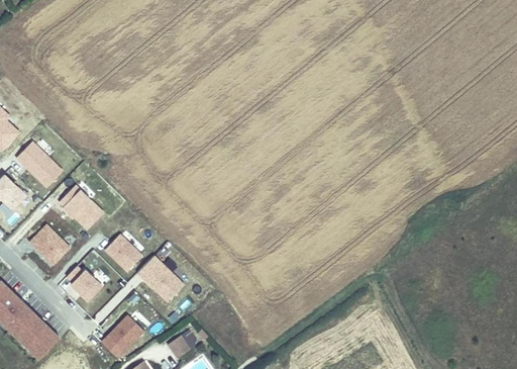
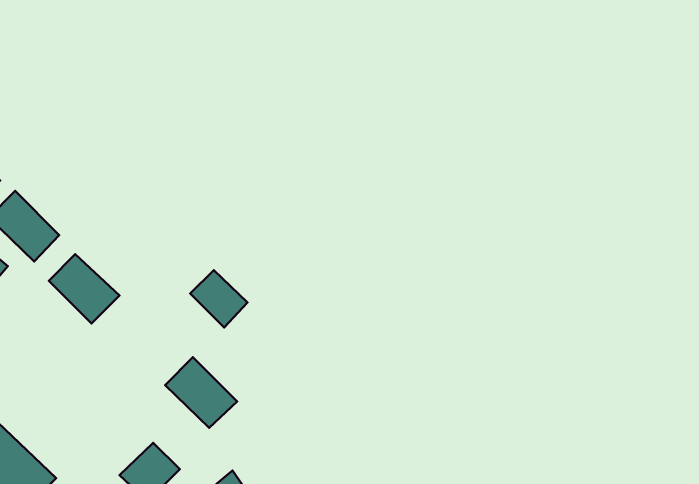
building: [27,223,71,267] -> none
building: [103,234,142,273] -> [190,270,248,328]
building: [63,264,102,303] -> none

